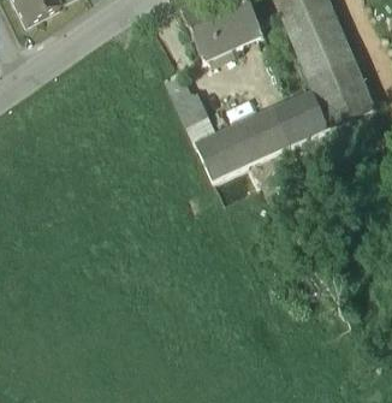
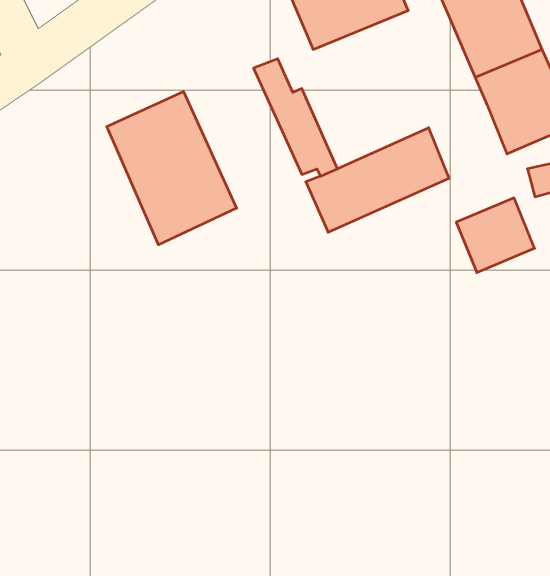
building: none -> [107,92,237,245]
building: [278,96,328,144] -> [456,198,535,273]

